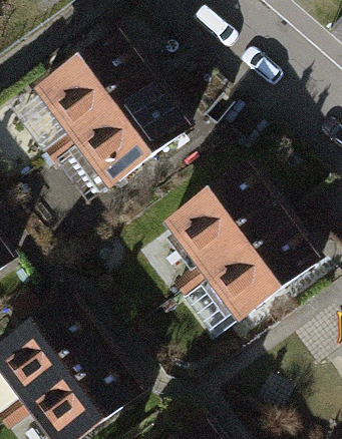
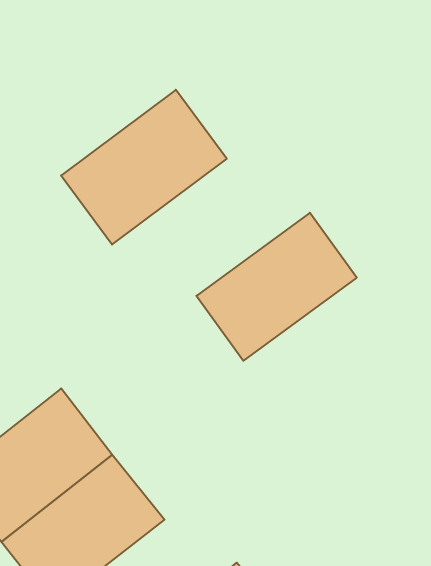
building: [22,32,143,144] -> none
building: [193,218,310,326] -> none

